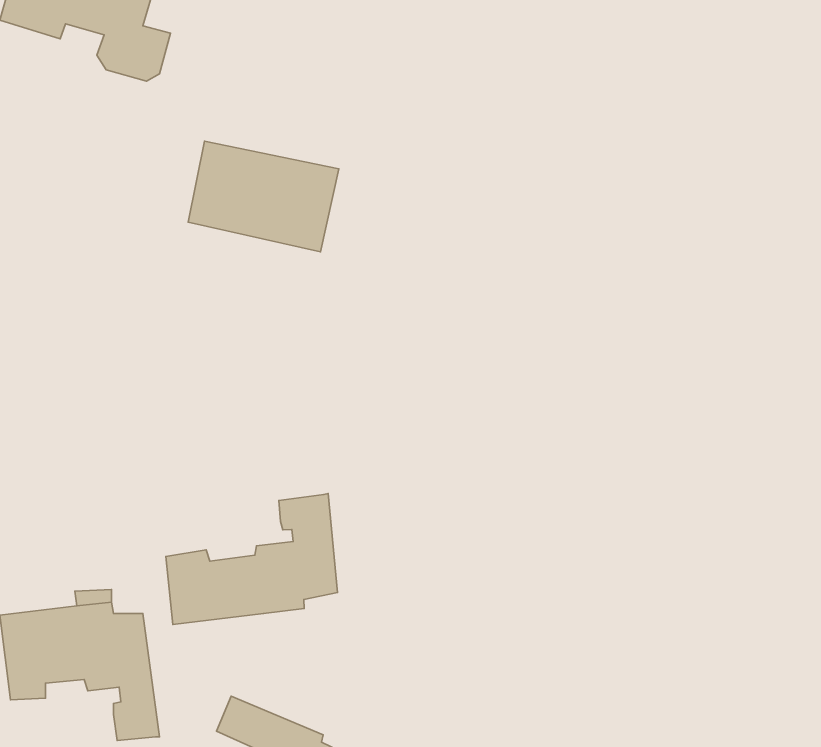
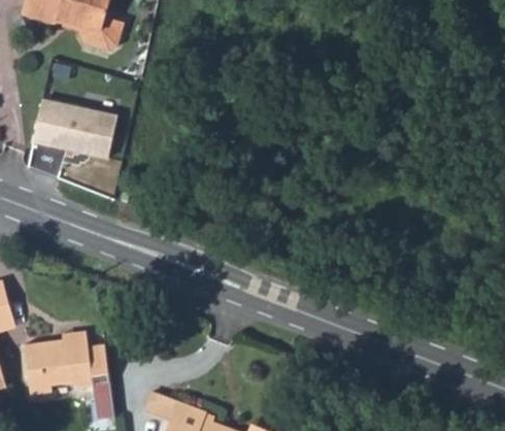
building: [188,141,339,252] -> [33,97,117,159]
building: [166,494,338,624] -> none

